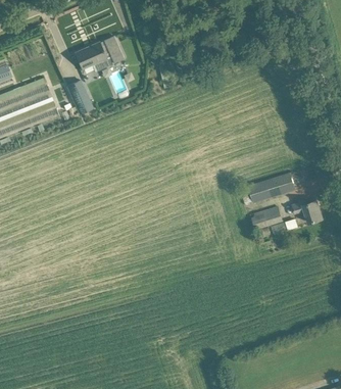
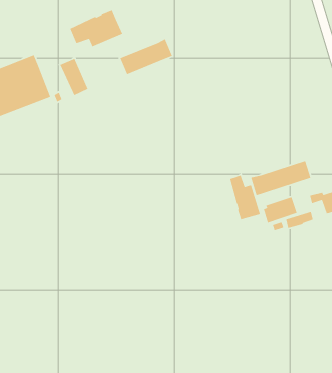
building: none -> [119,38,173,75]
building: none -> [229,175,261,220]

